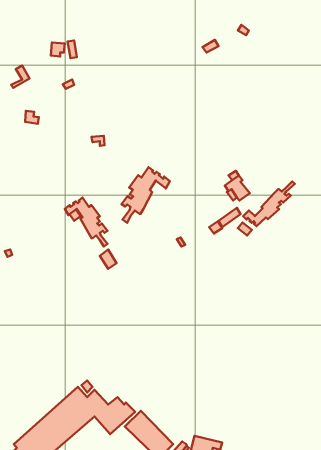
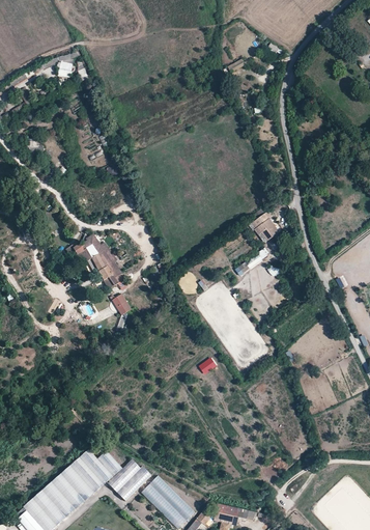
building: [122,167,170,223] -> none
building: [243,181,295,226] -> none

